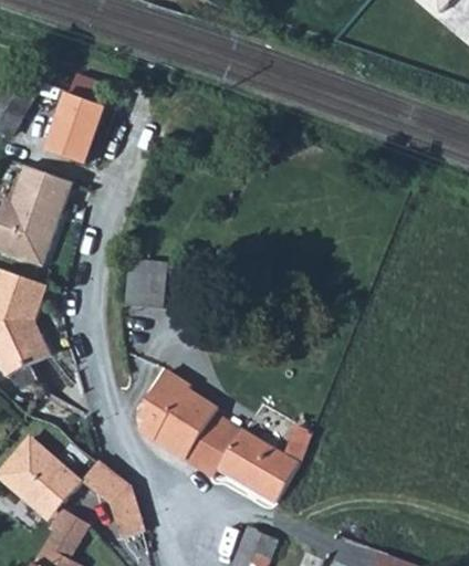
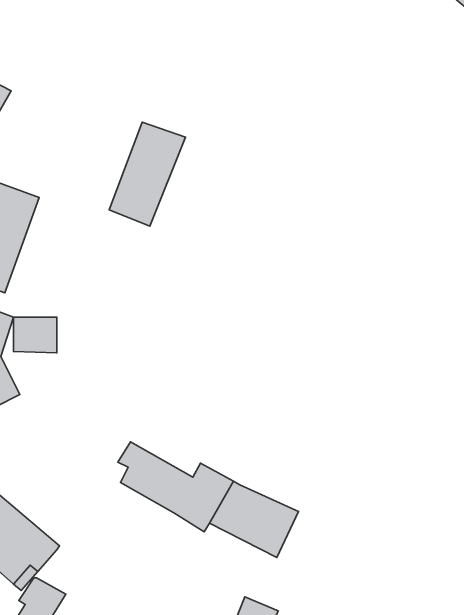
building: [49,76,115,167] -> [109,122,185,226]
building: [119,276,157,307] -> [14,317,57,353]
building: [147,369,211,424] -> none
building: [85,461,145,537] -> none

